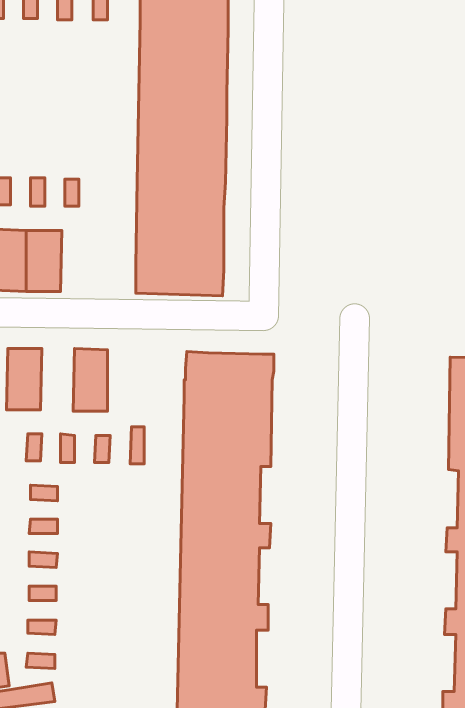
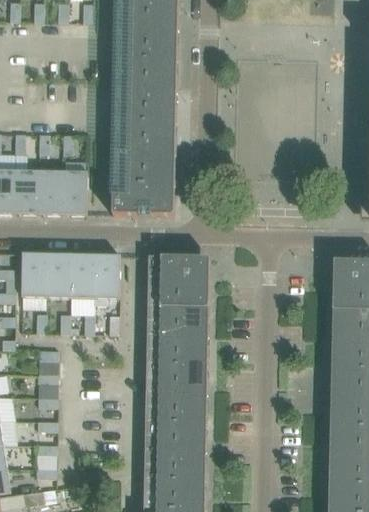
building: none -> [60,171,87,215]
building: none -> [46,254,70,298]
building: none -> [93,255,121,306]

